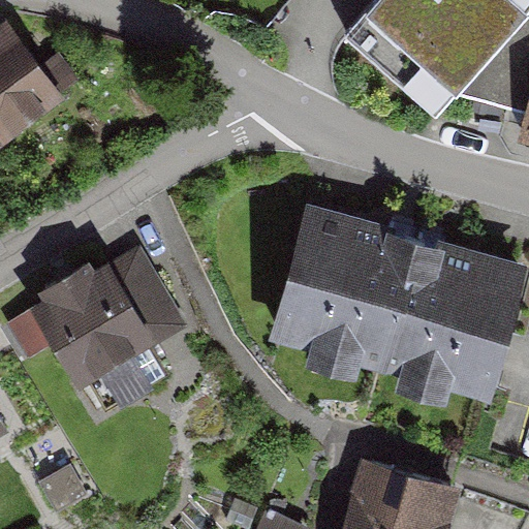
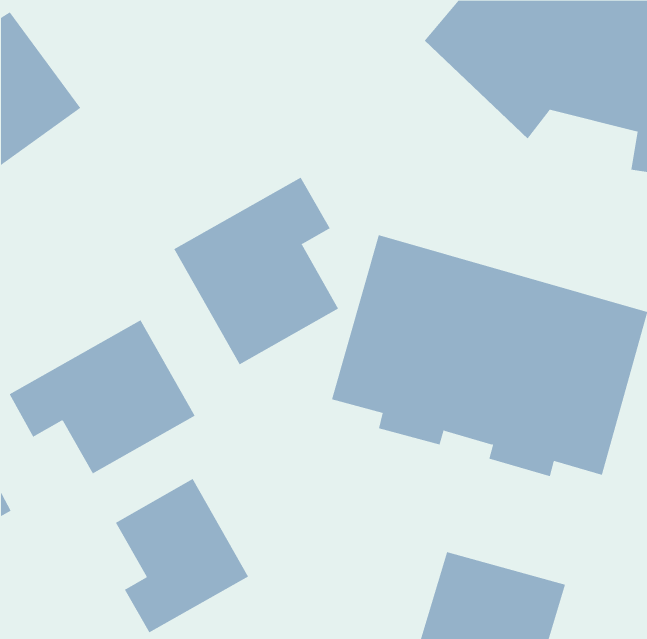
building: none -> [173,177,339,365]
building: none -> [115,478,249,633]

